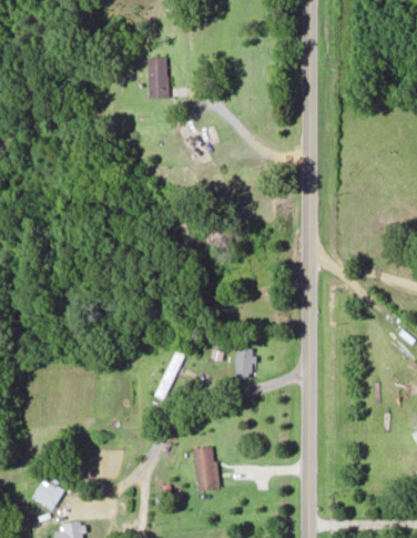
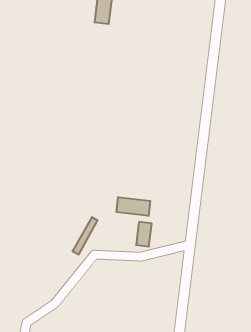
building: none -> [116,197,150,216]
building: [192,446,218,490] -> none

